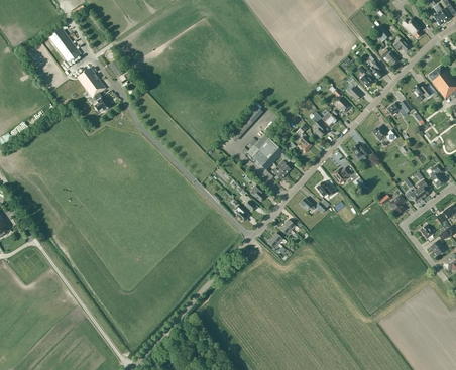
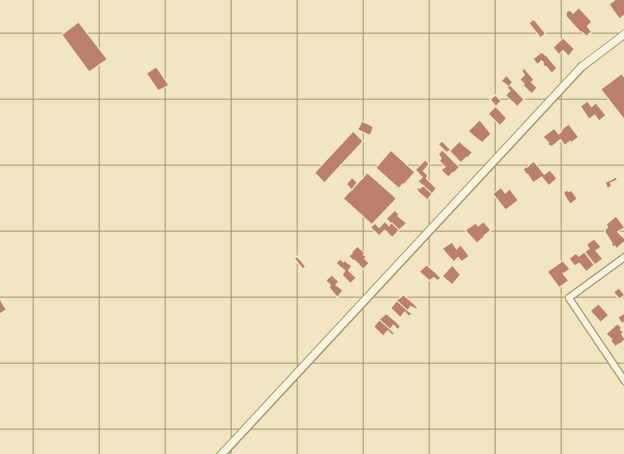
building: [77,68,111,111] -> none
building: none -> [376,150,415,188]

